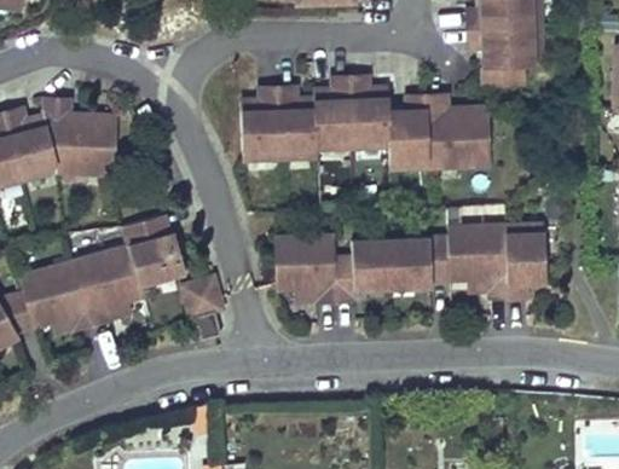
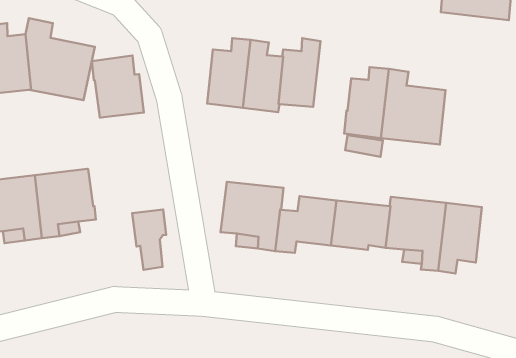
building: [469,25,542,86] -> none
building: [349,75,388,145] -> none
building: [123,213,185,282] -> [92,56,144,118]

